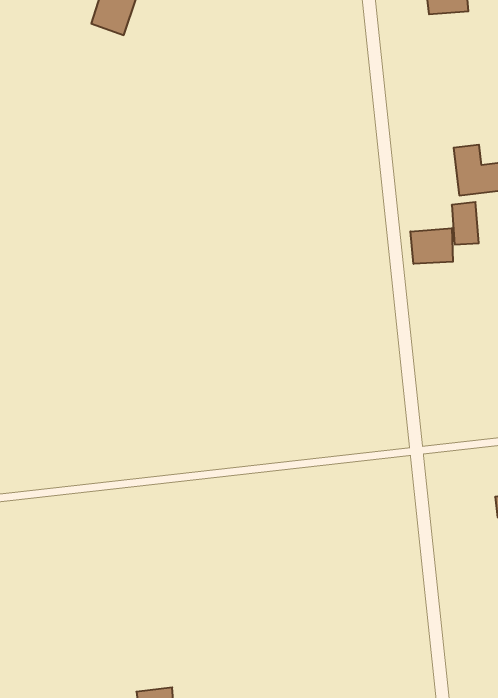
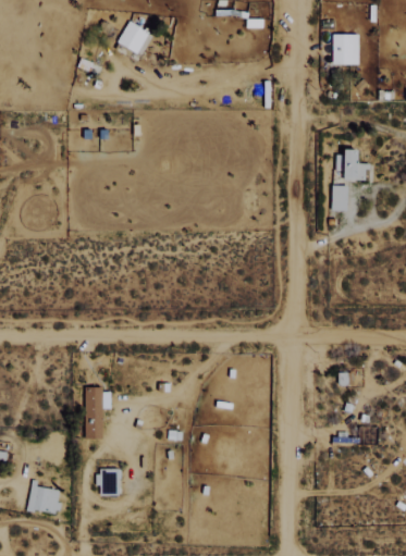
building: [410,228,453,264] -> none
building: none -> [85,388,111,437]

